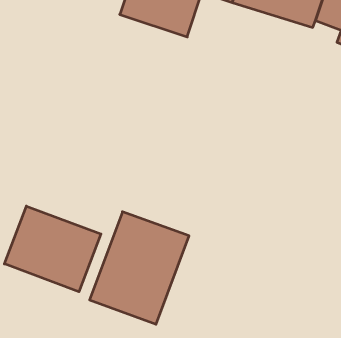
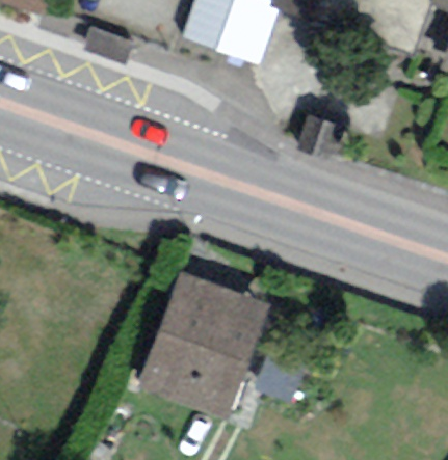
building: [4,206,101,292] -> none

